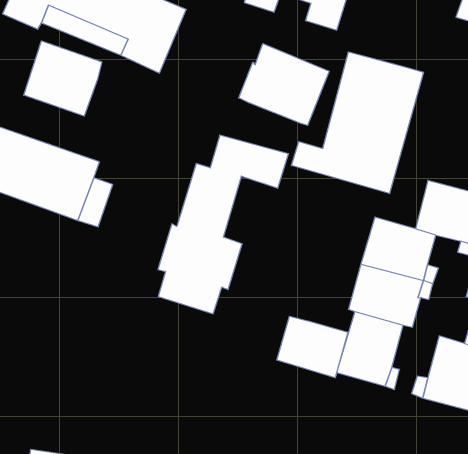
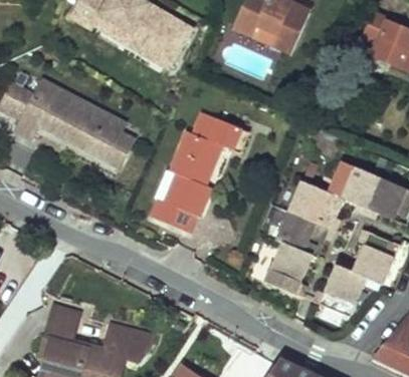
building: [24,41,102,116] -> none
building: [239,44,329,125] -> none
building: [291,52,424,194] -> none
building: [277,316,348,378] -> none

